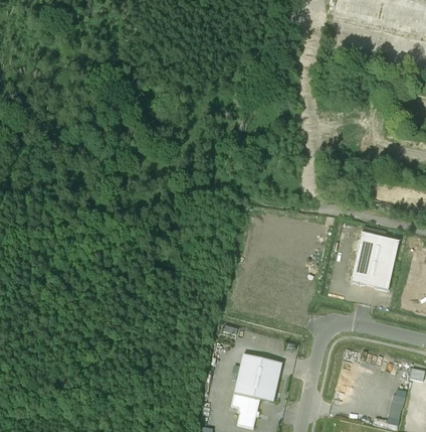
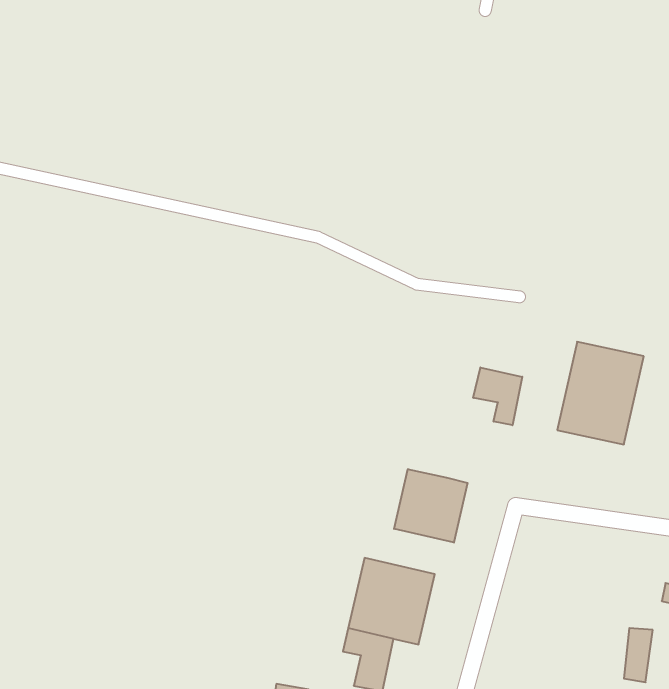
building: none -> [473,367,522,425]
building: none -> [394,469,468,543]

